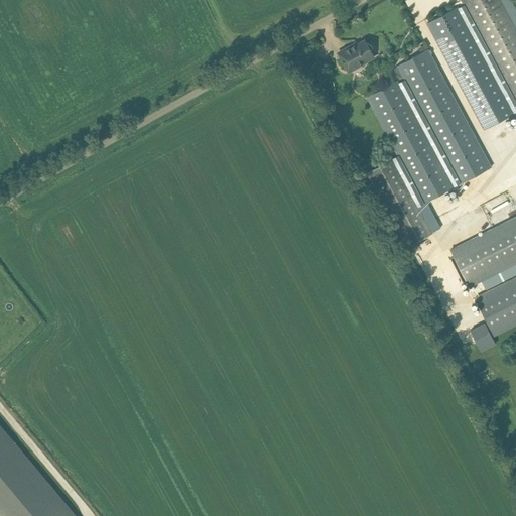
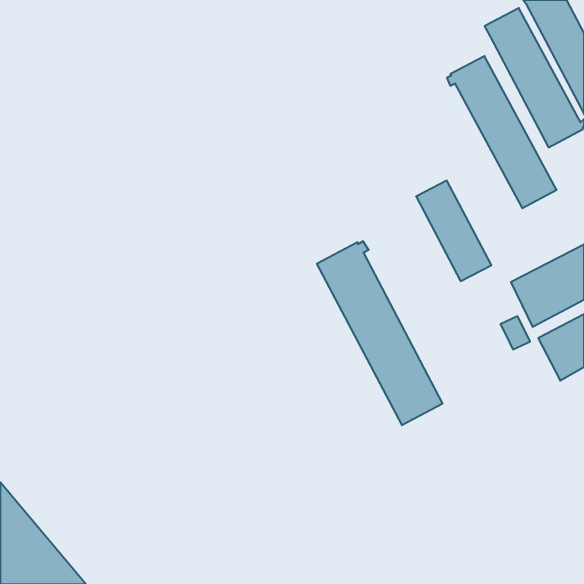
building: [338,40,374,72] -> none
building: [367,81,458,204] -> none
building: none -> [317,241,443,425]
building: [470,324,496,353] -> [500,316,530,349]

